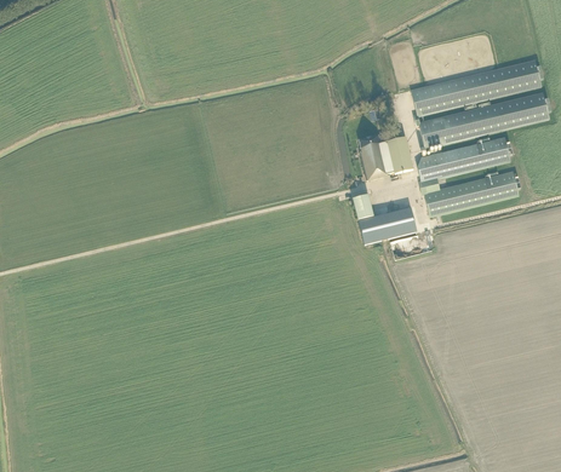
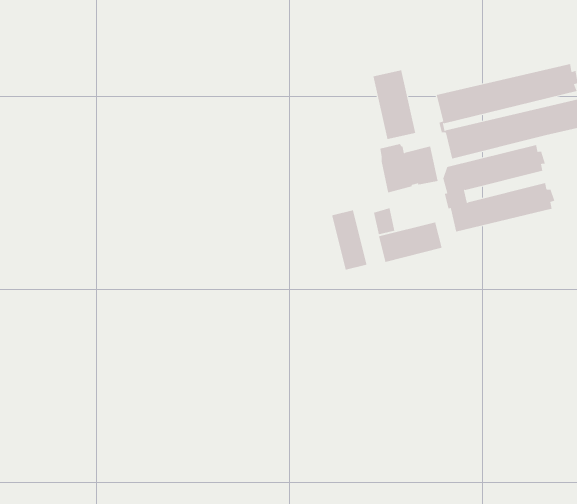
building: none -> [373,69,416,140]
building: none -> [332,209,367,271]

